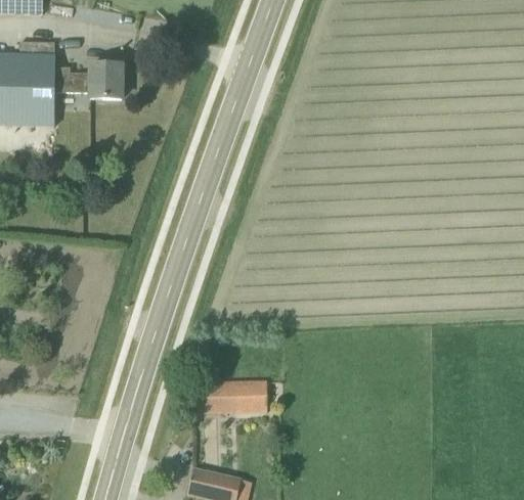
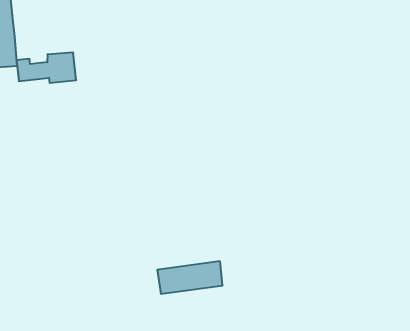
building: [54,64,122,98] -> [17,53,76,83]

